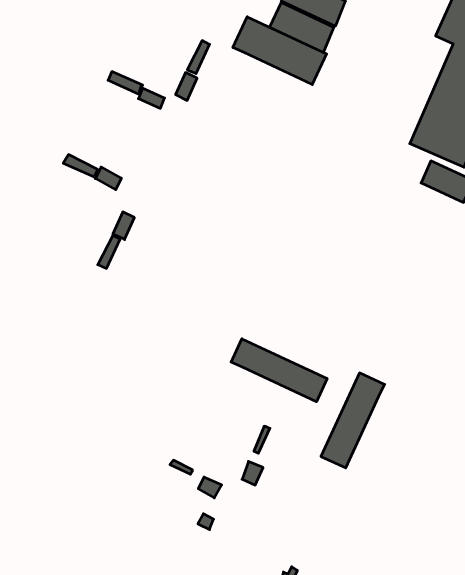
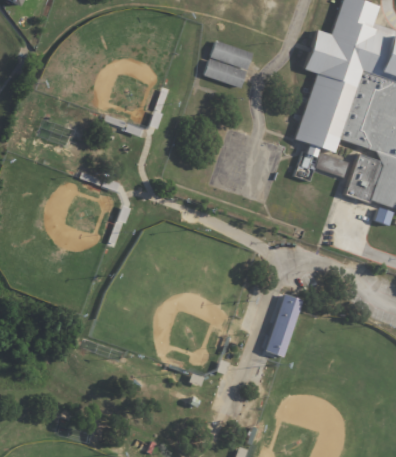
building: [233,17,327,85] -> none
building: [231,339,327,402] -> none

